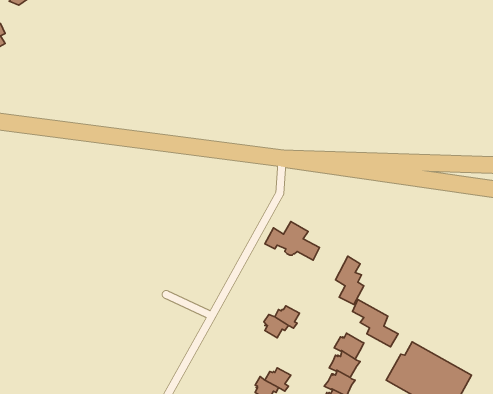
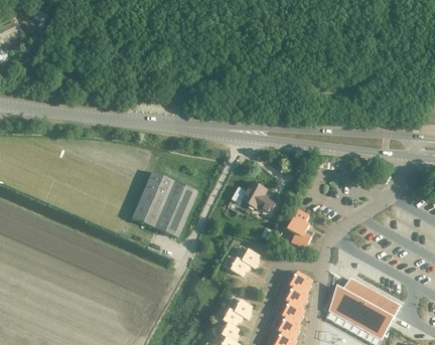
building: none -> [132,171,197,237]
building: [352,300,398,347] -> none

